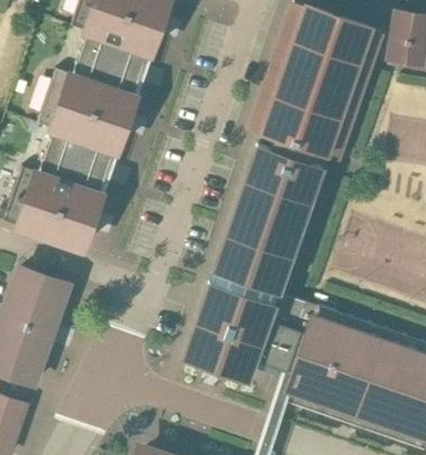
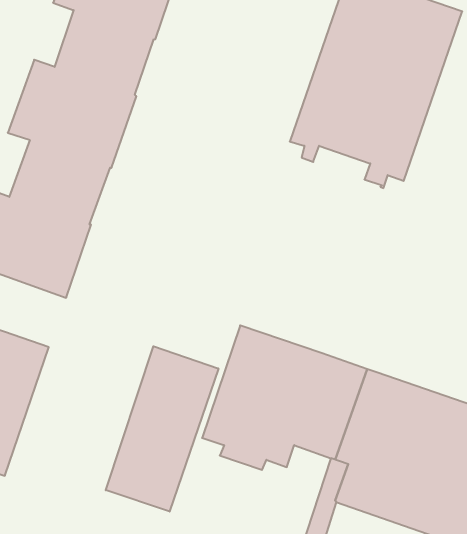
building: [217,133,324,289] -> none
building: none -> [106,346,218,512]

